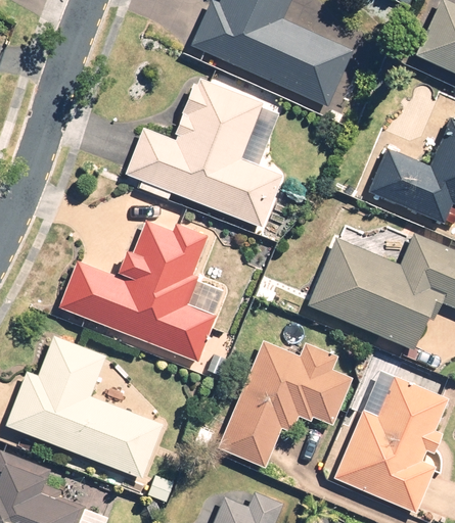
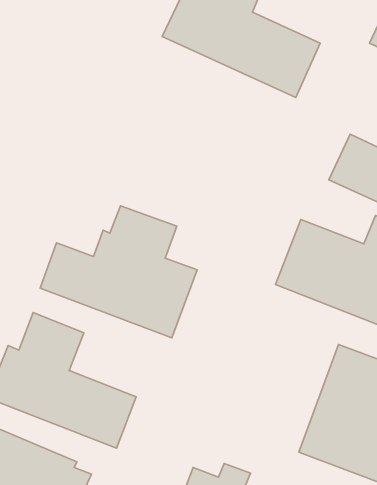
building: [126,81,283,228] -> none
building: [218,340,352,467] -> none

